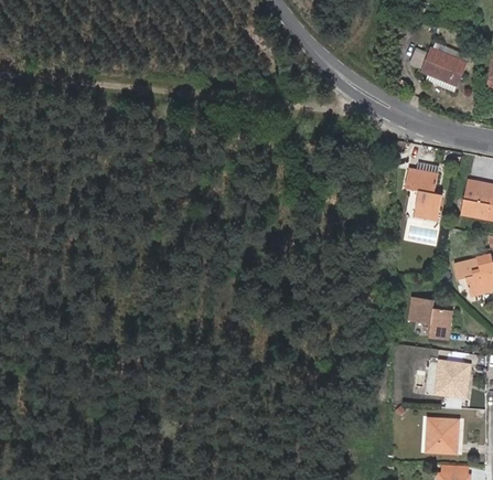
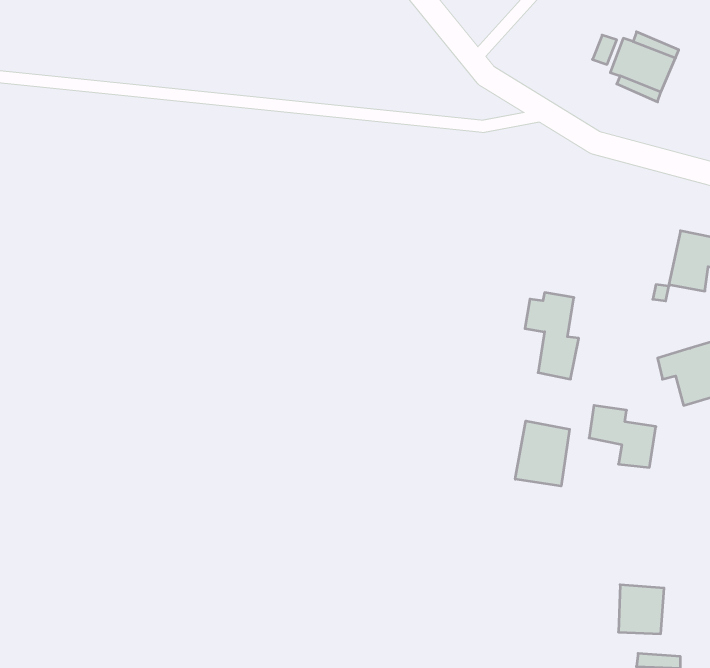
building: [405,163,441,222] -> [525,293,579,379]
building: none -> [515,421,570,486]
building: [435,361,469,397] -> none

